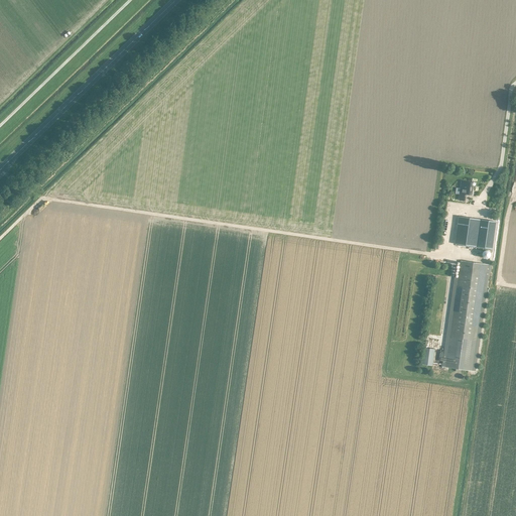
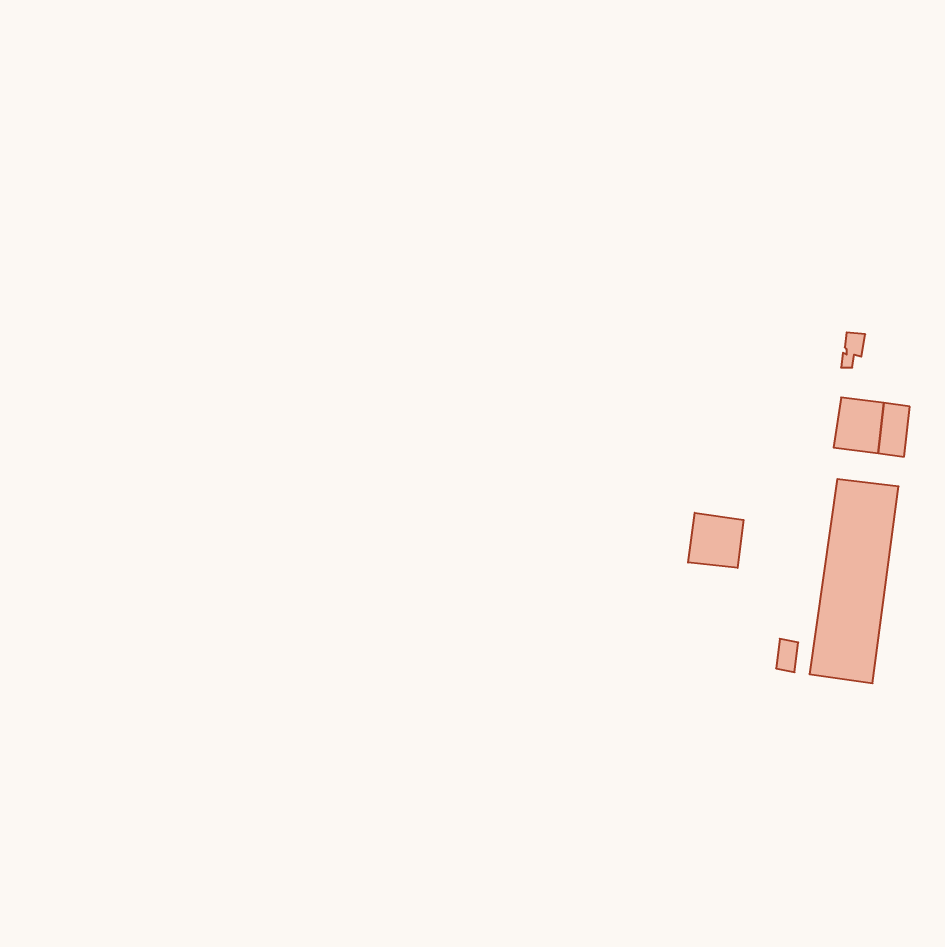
building: none -> [688,513,744,568]

